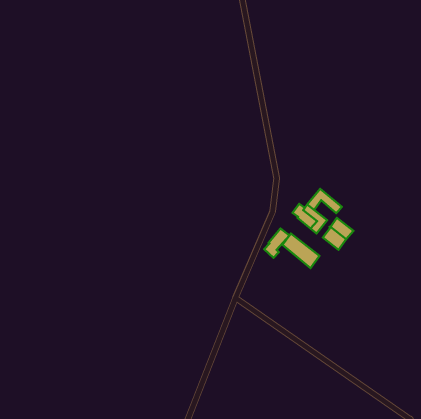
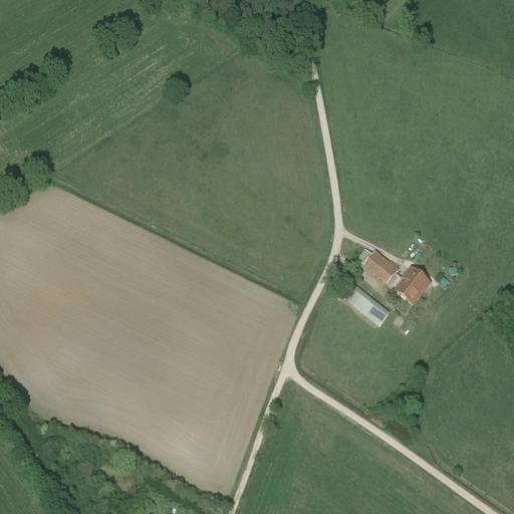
building: [307,189,342,213] -> none
building: [264,229,289,258] -> none

